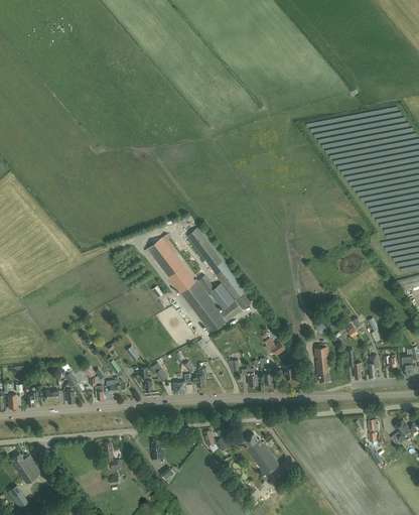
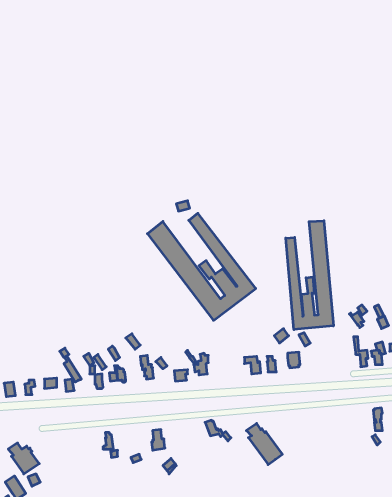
building: none -> [286,221,333,330]
building: [314,346,330,381] -> none

